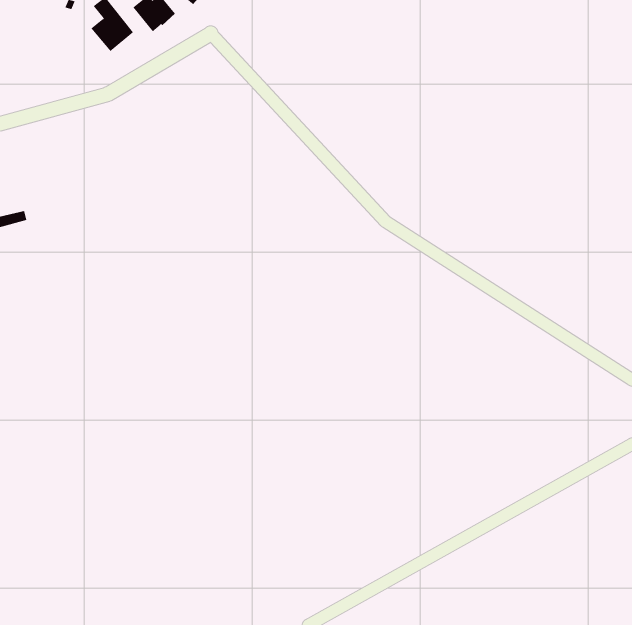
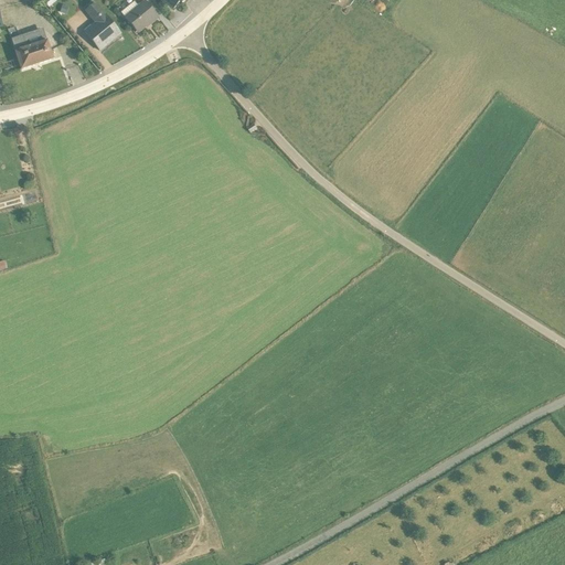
building: none -> [11,34,52,65]

